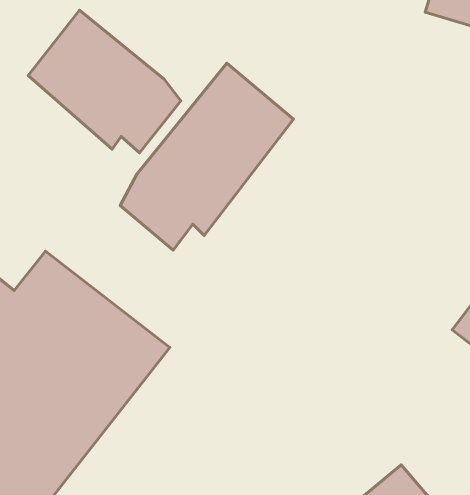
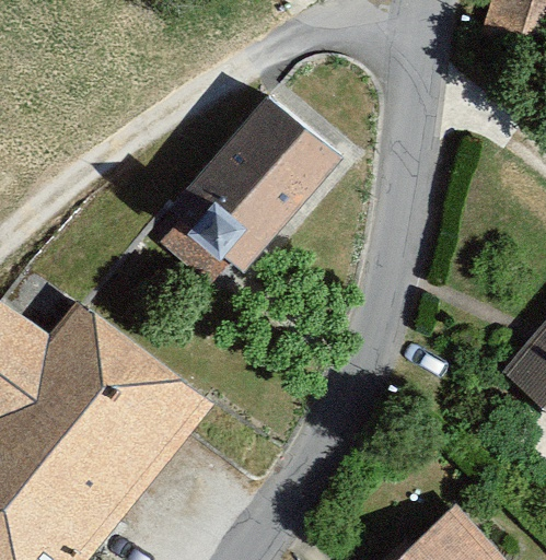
building: [28,10,181,153] -> none

